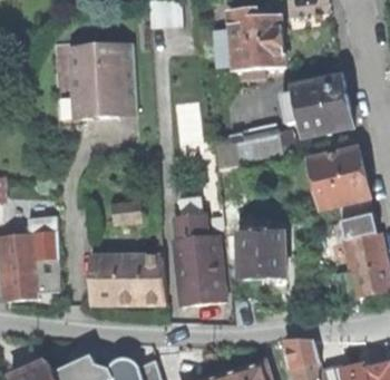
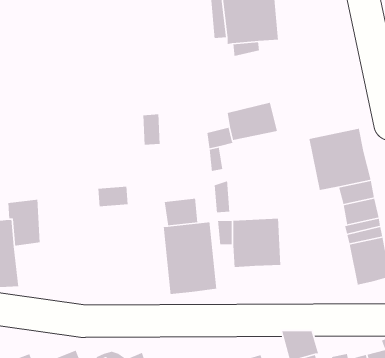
building: [70,43,135,118] -> none
building: [291,76,350,136] -> none
building: [90,257,164,303] -> none

